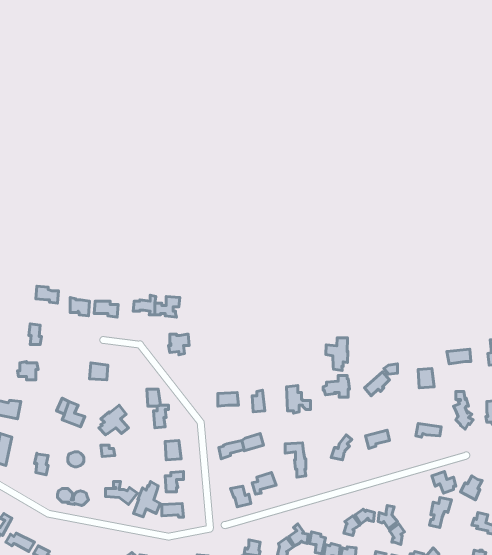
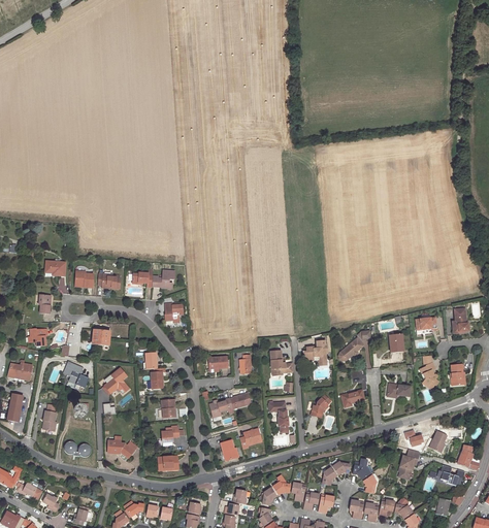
building: [326,338,348,371] -> none
building: [133,482,160,517] -> none

